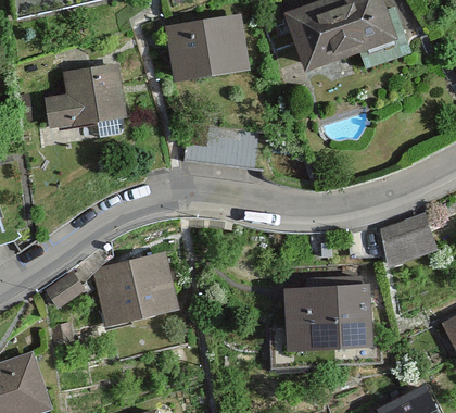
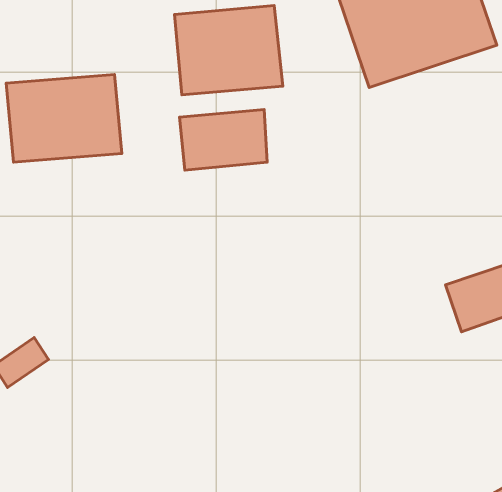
building: none -> [179,110,267,170]
building: [89,255,170,325] -> none
building: [277,278,367,345] -> none

